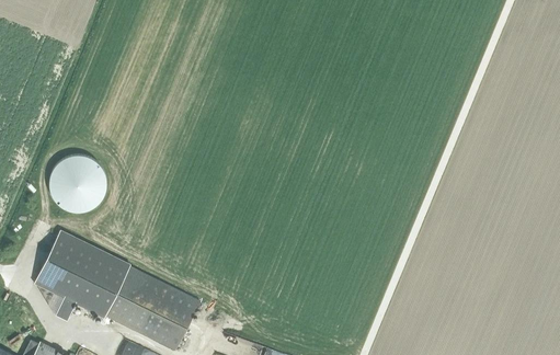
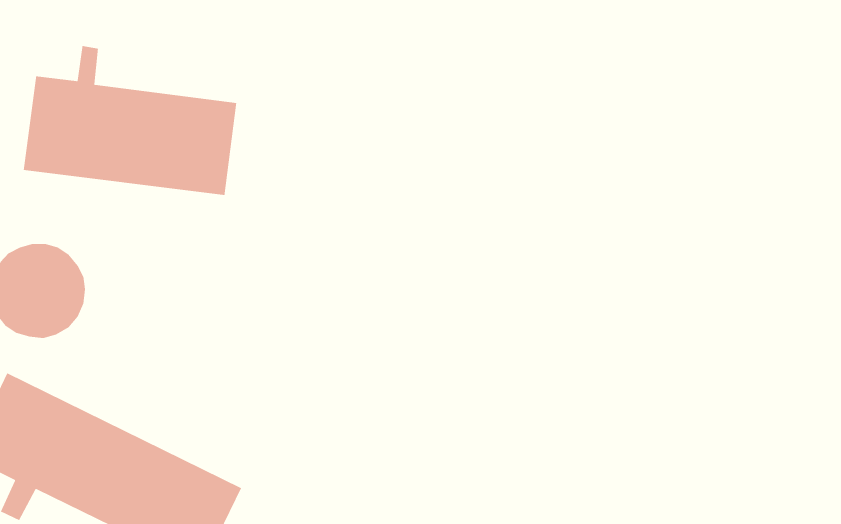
building: none -> [23,45,237,196]

